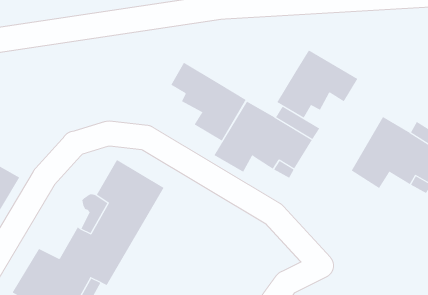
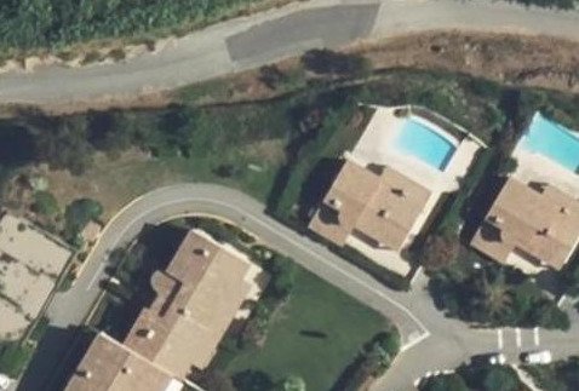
building: [276,49,358,118] -> none
building: [171,62,246,142] -> none

